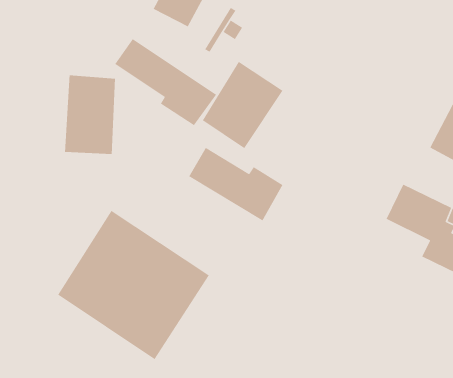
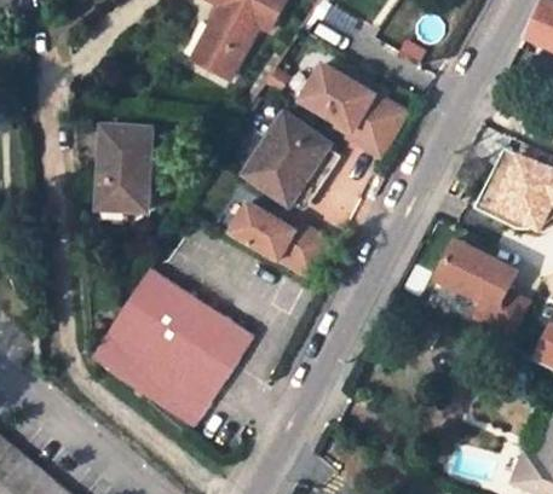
building: none -> [298,63,402,156]
building: [114,38,217,126] -> none

